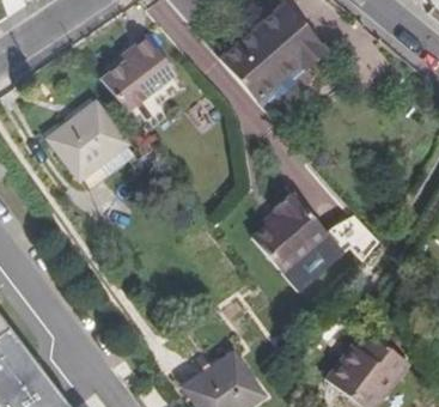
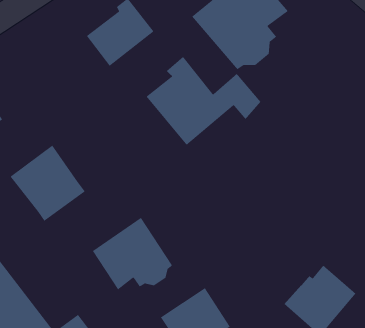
building: [51,102,136,188] -> [10,144,86,222]
building: [249,190,378,291] -> [146,56,262,146]
building: none -> [92,217,173,290]

